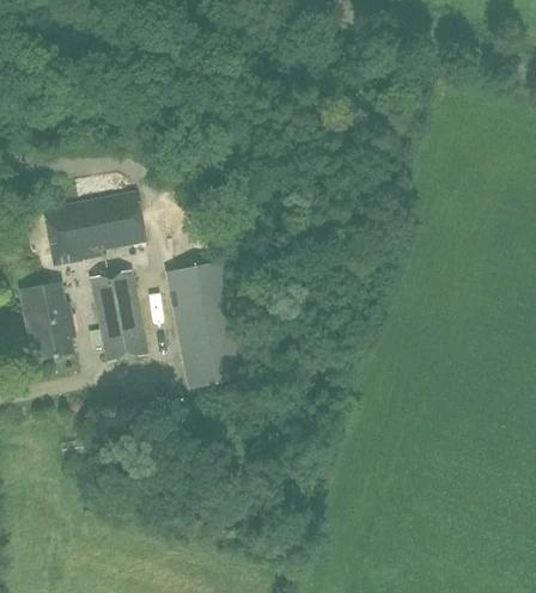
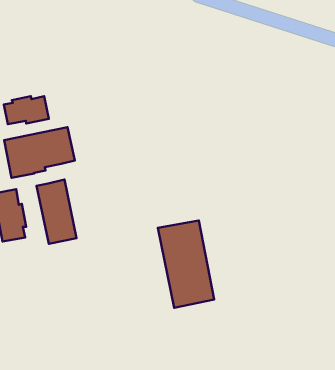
building: none -> [4,96,49,124]
building: [165,259,248,387] -> [158,220,214,308]

